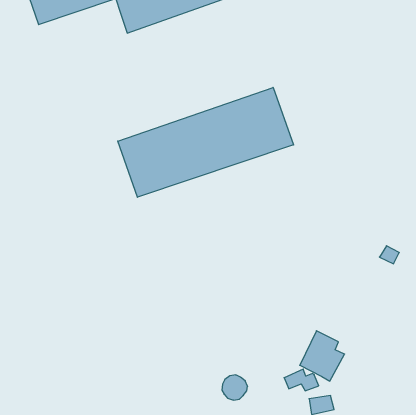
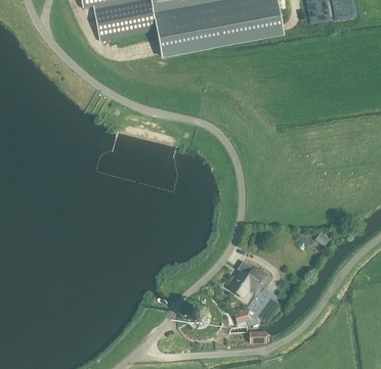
building: [118,87,294,197] -> none
building: none -> [228,259,267,296]

